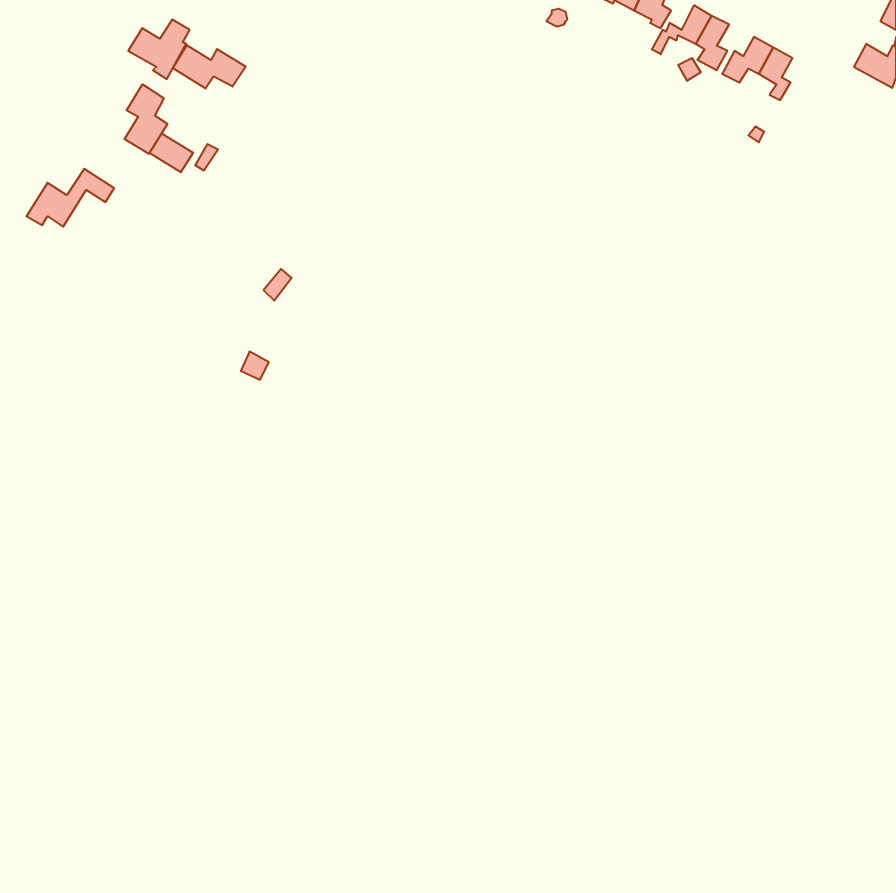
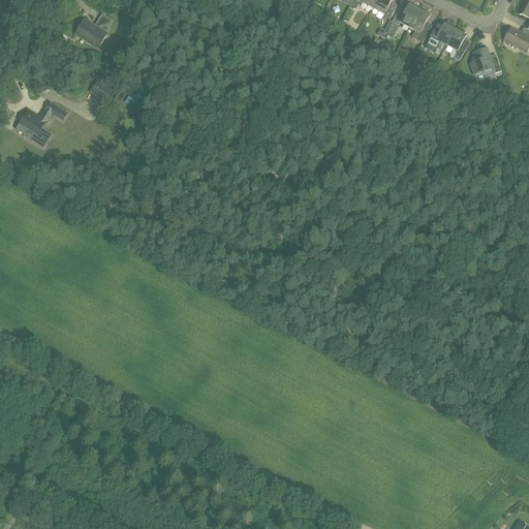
building: [173,45,246,89] -> none
building: none -> [470,46,501,71]
building: [124,84,167,154] -> none

